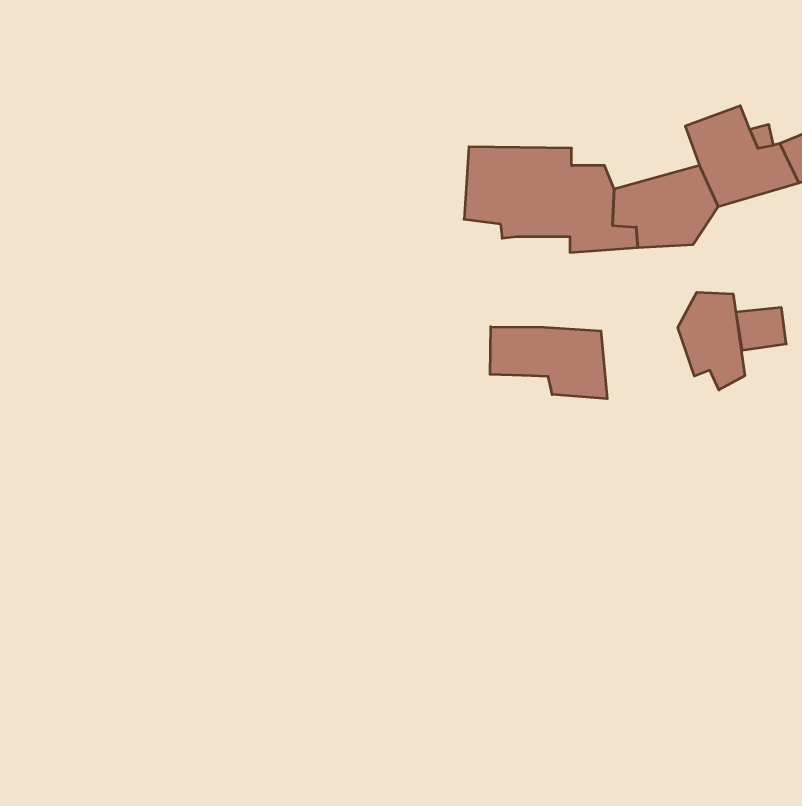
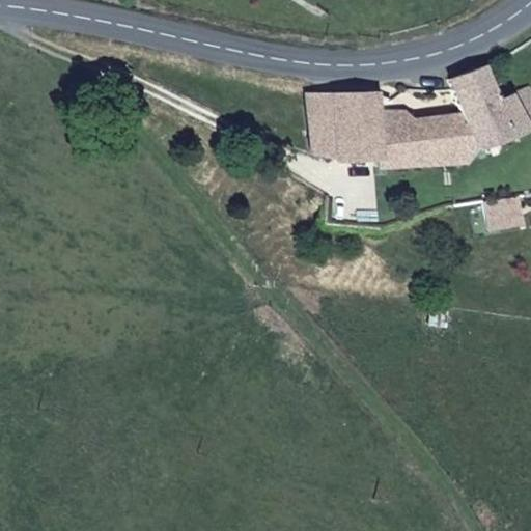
building: [678,292,745,390] -> none
building: [490,327,607,399] -> none

